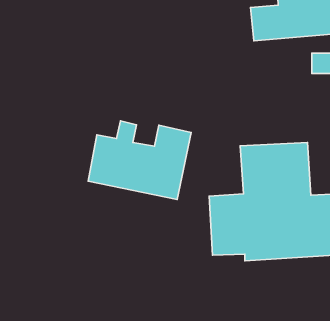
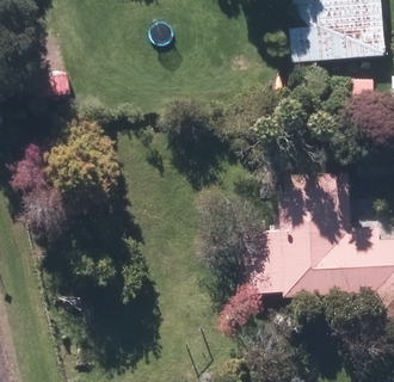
building: [88,121,191,199] -> none

